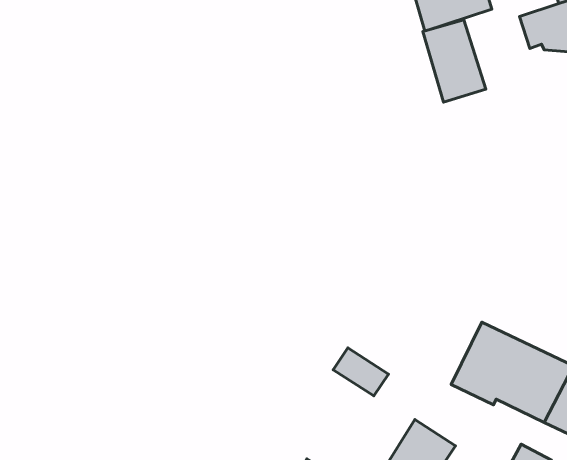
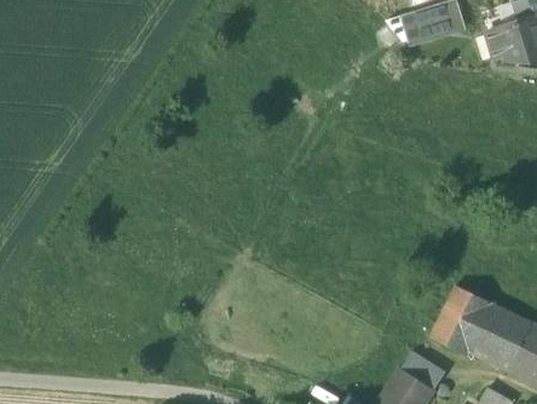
building: [423,20,486,102] -> none
building: [333,348,389,396] -> [400,350,446,389]

